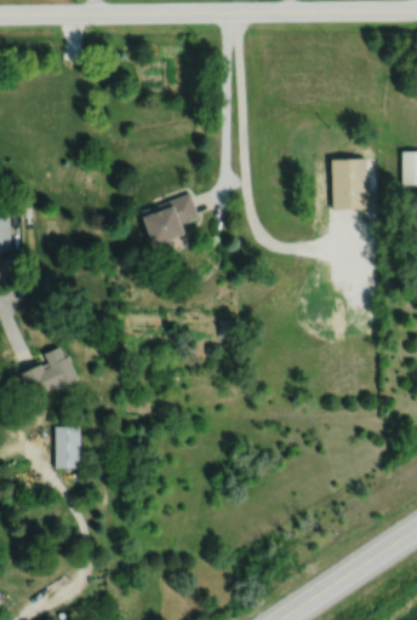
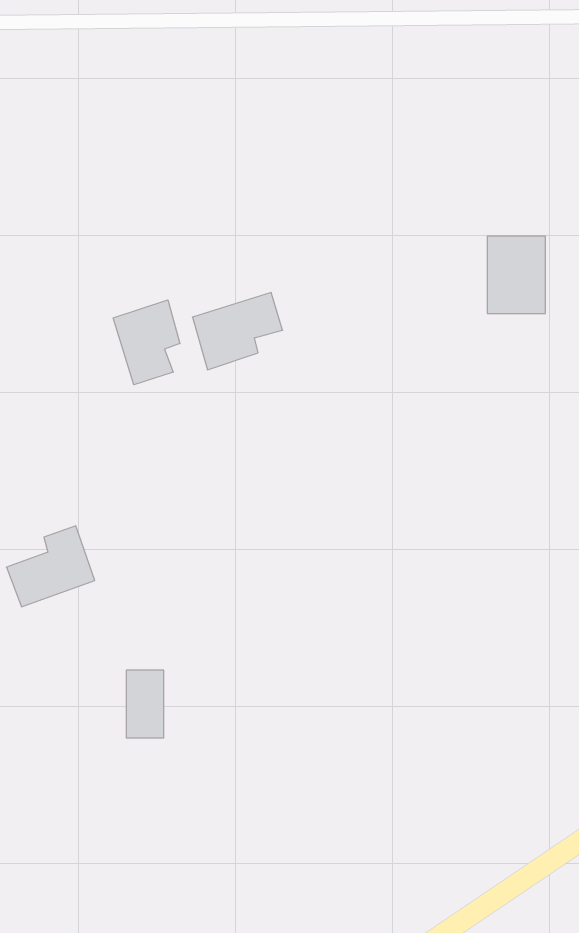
building: none -> [113,300,180,385]
building: [57,427,81,471] -> [126,670,164,738]

